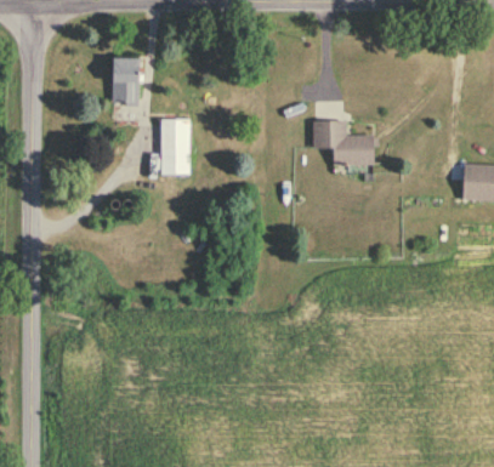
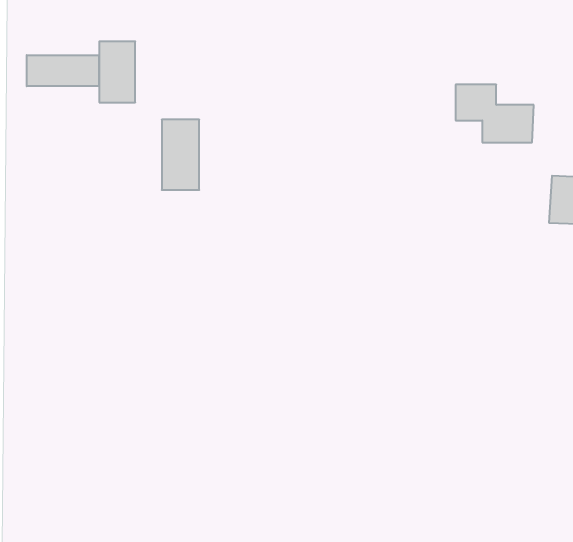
building: none -> [27,55,99,86]
building: [314,120,375,165] -> [456,85,534,142]

